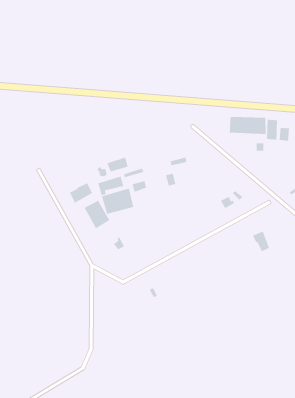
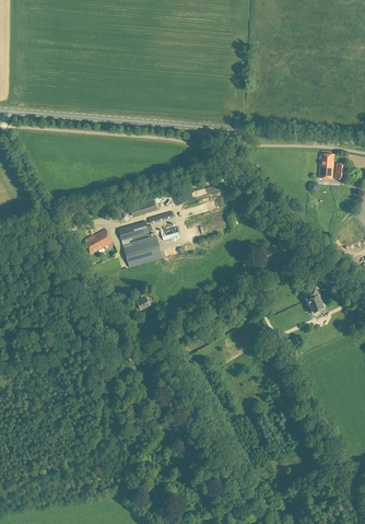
building: [229,116,266,135] -> none
building: [84,200,110,229] -> none

